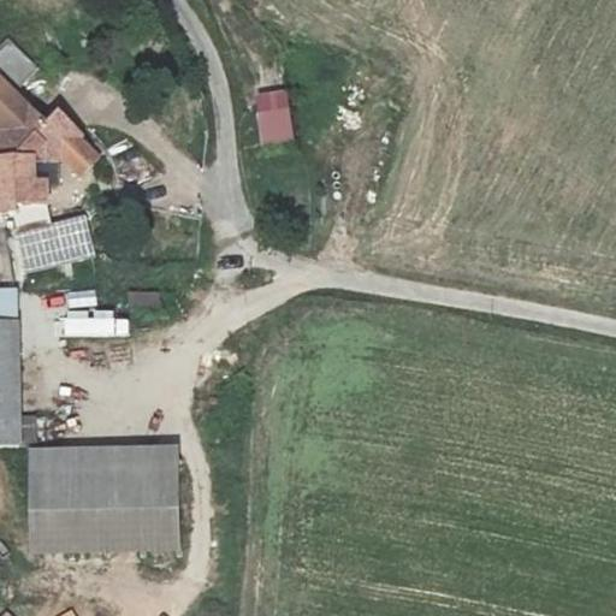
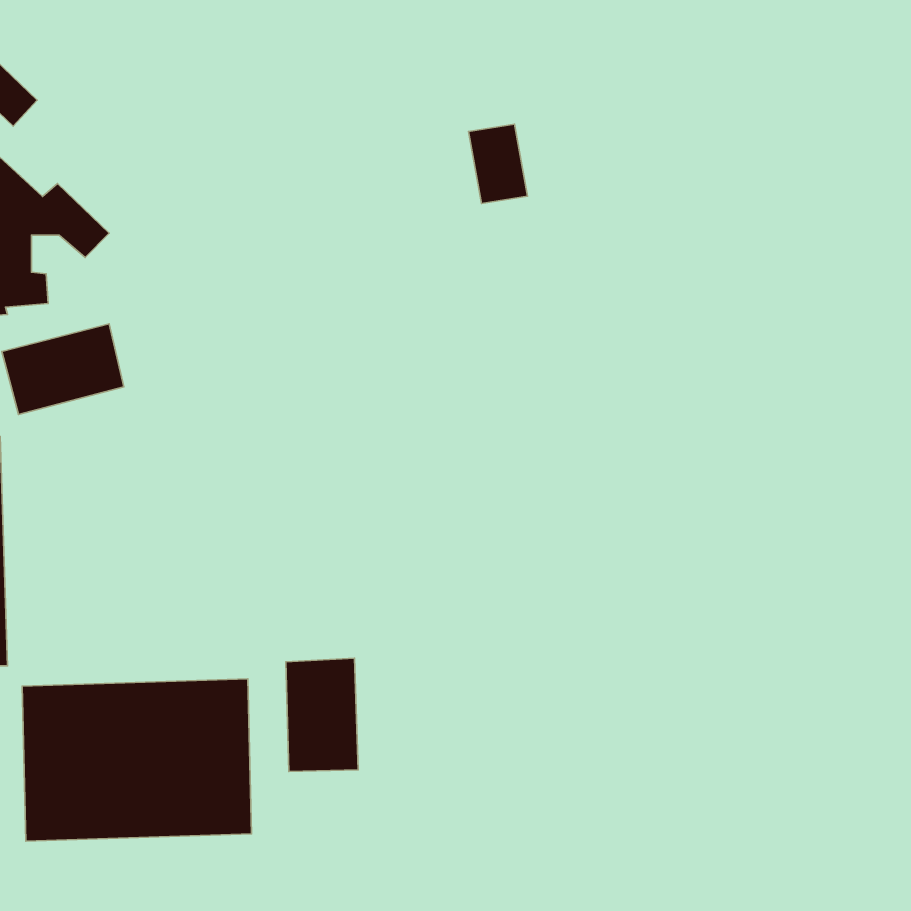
building: [255,88,294,140] -> [468,124,528,203]
building: none -> [286,658,358,772]

